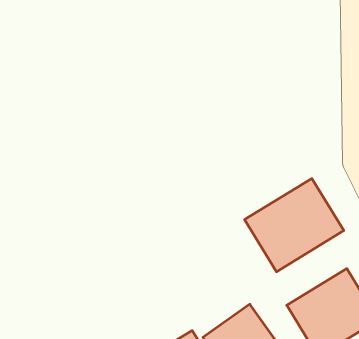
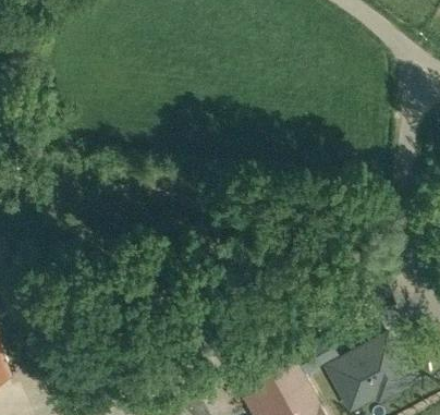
building: [245,179,344,272] -> none

